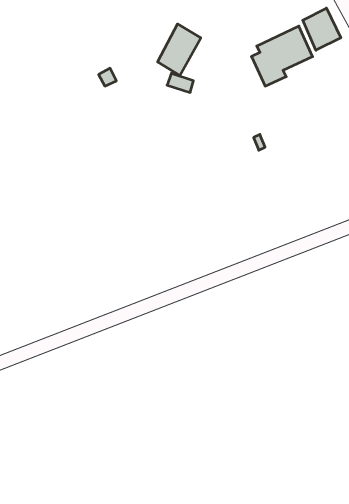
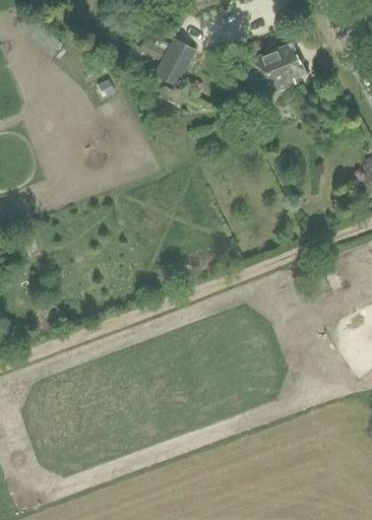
building: [303,8,341,50] -> none

